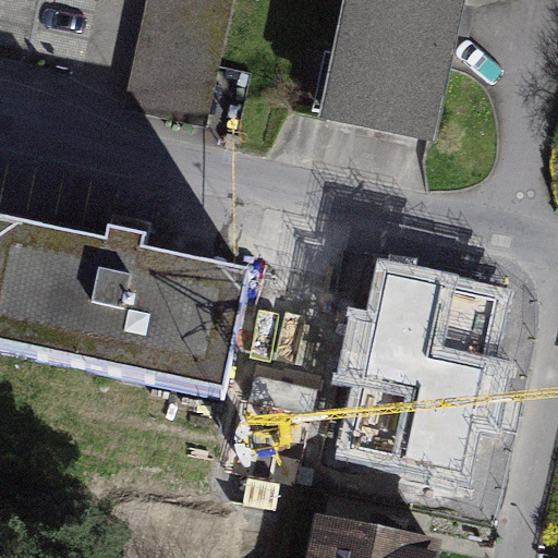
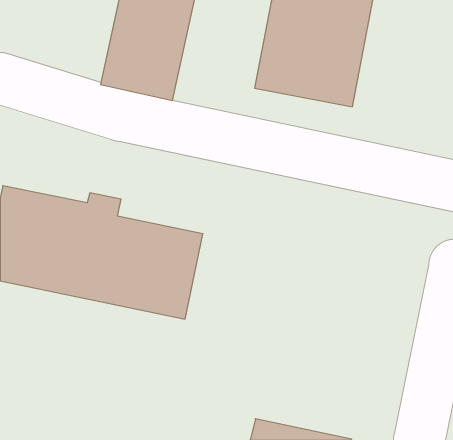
building: [341,289,499,460] -> none

